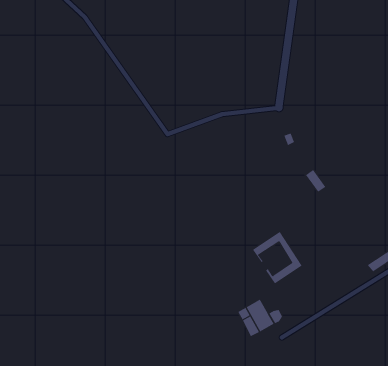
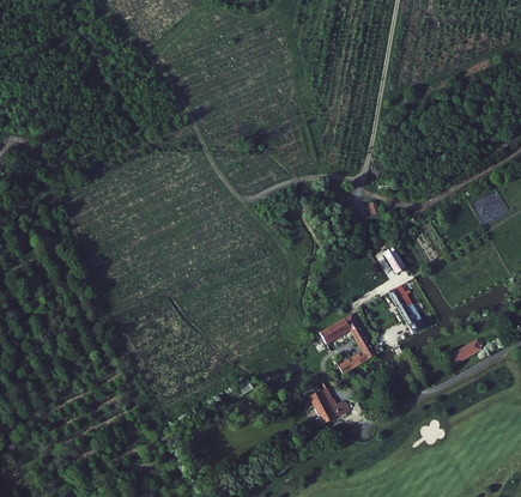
building: none -> [387,284,425,331]

